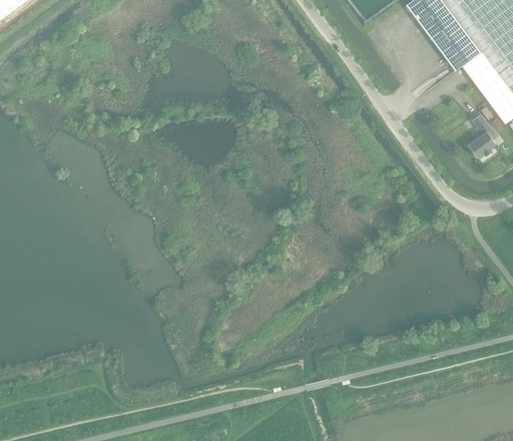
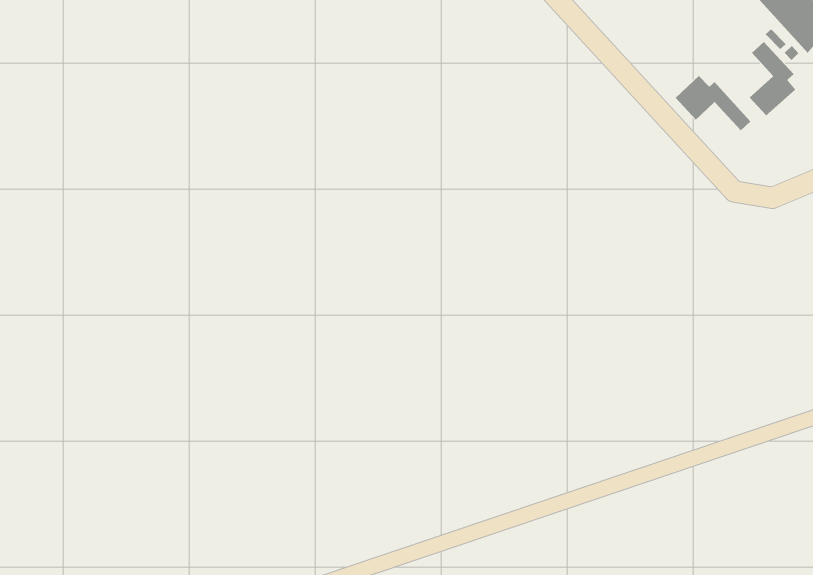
building: none -> [675,75,751,131]

